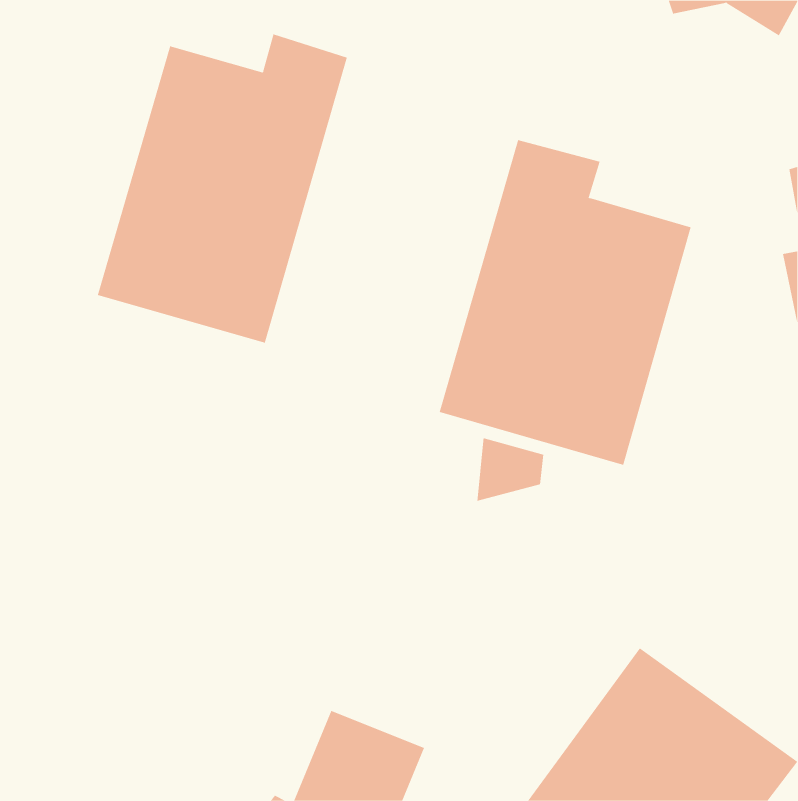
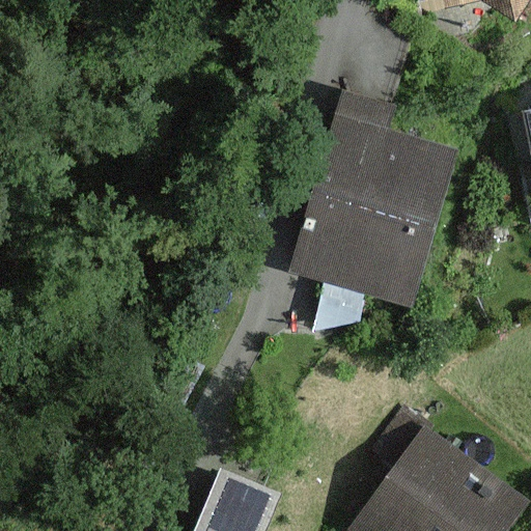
building: [97,34,348,344] -> none

